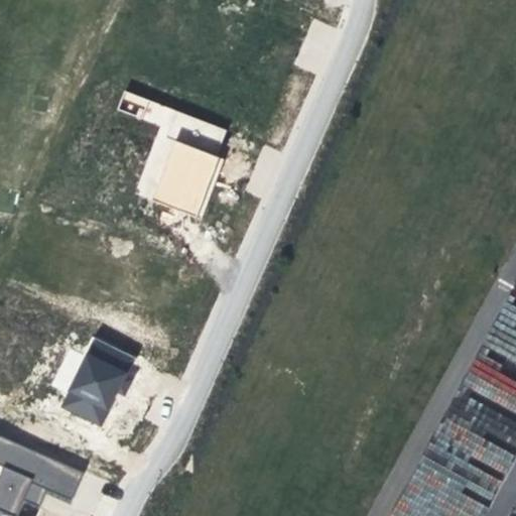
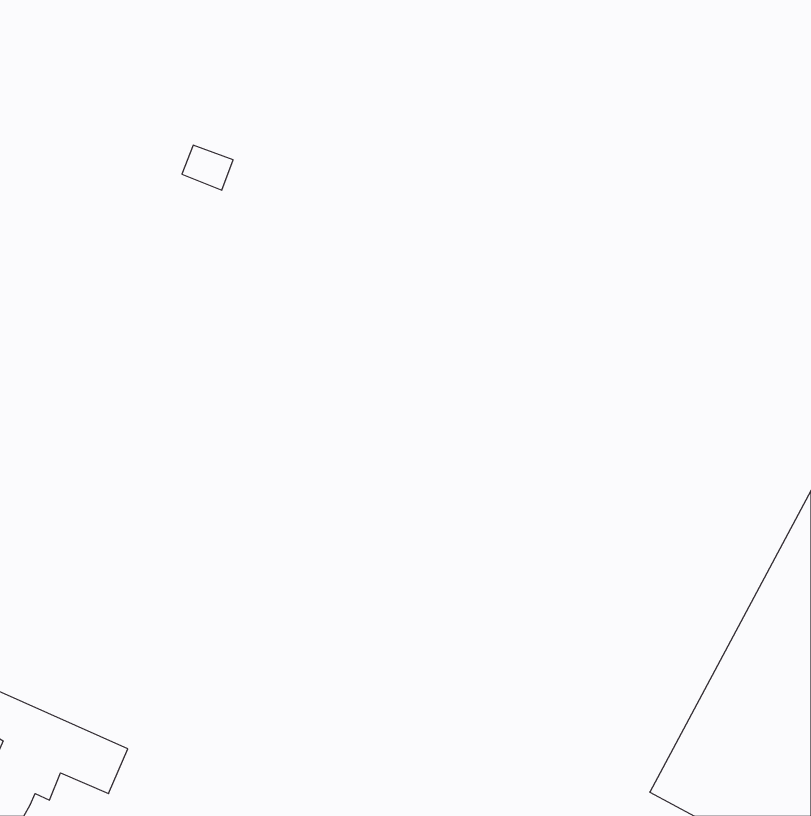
building: [151,112,224,220] -> none
building: [60,340,132,425] -> none

